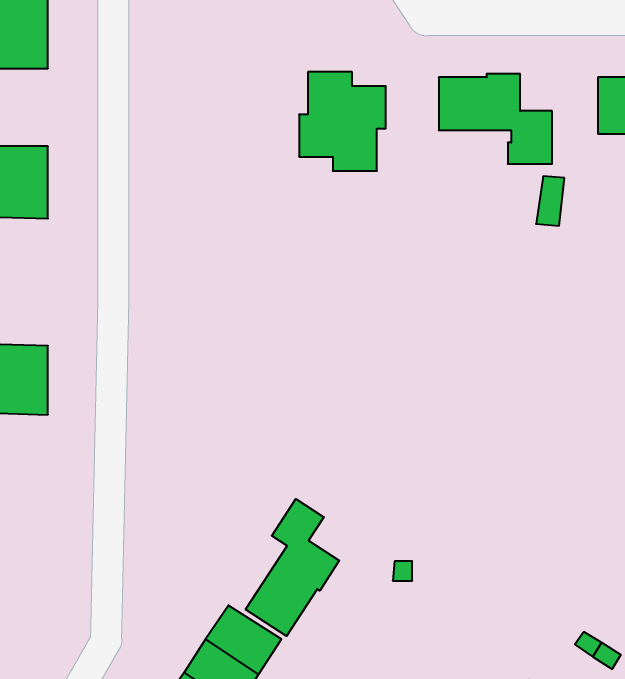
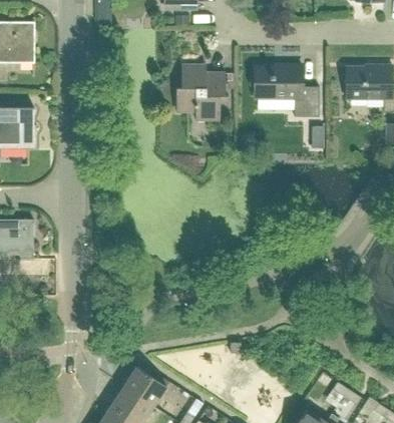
building: [246,499,339,636] -> none

